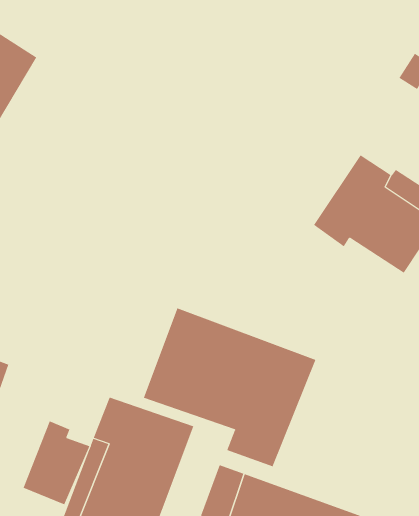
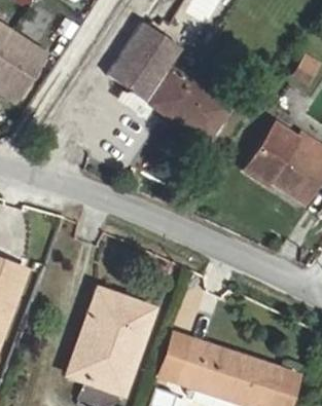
building: none -> [108,20,230,140]
building: [143,307,316,467] -> none
building: [23,420,90,505] -> none

